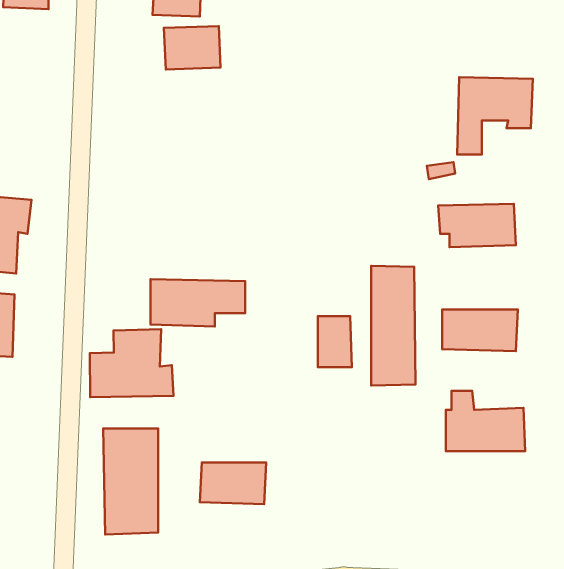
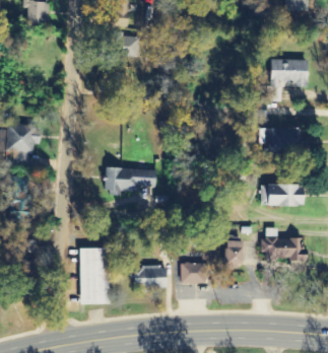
building: [371,266,416,386] -> none
building: [318,316,352,367] -> [222,240,241,268]
building: [90,329,173,397] -> none
building: none -> [180,262,209,283]

